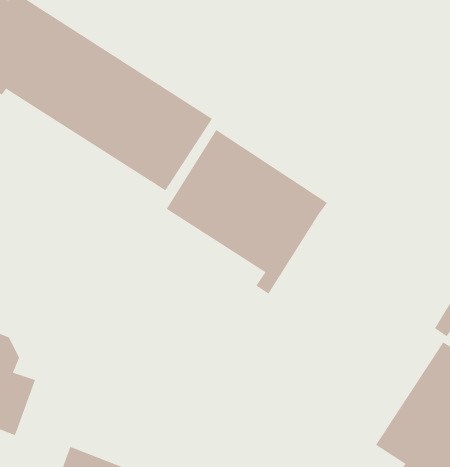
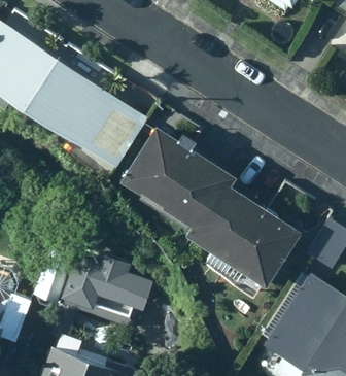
building: none -> [191,184,297,298]
building: none -> [34,246,157,343]

